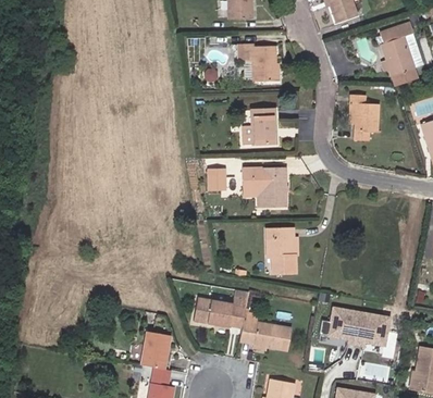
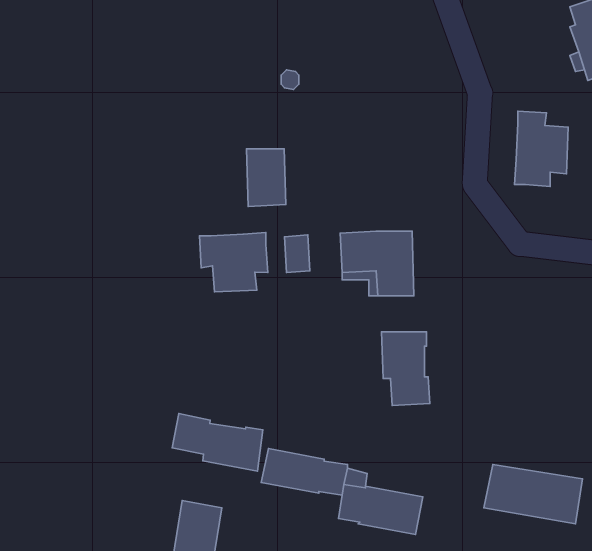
building: [238,43,275,80] -> none
building: [251,109,275,144] -> [246,149,286,206]
building: none -> [199,232,268,292]
building: none -> [172,413,263,471]

